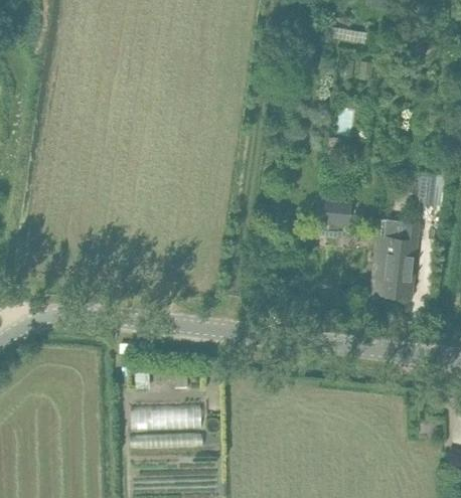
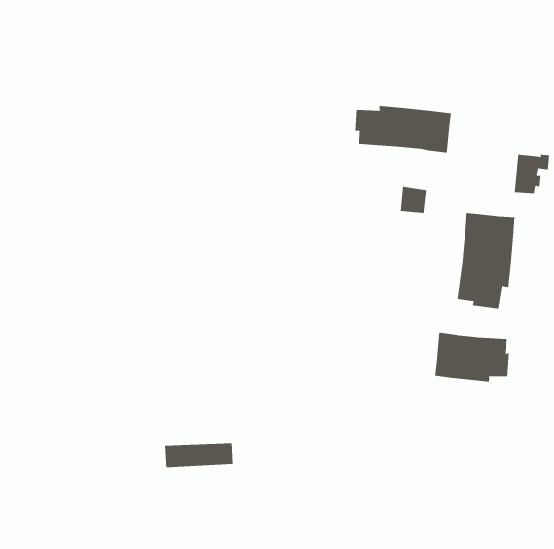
building: none -> [355,105,451,153]
building: none -> [434,332,509,383]

